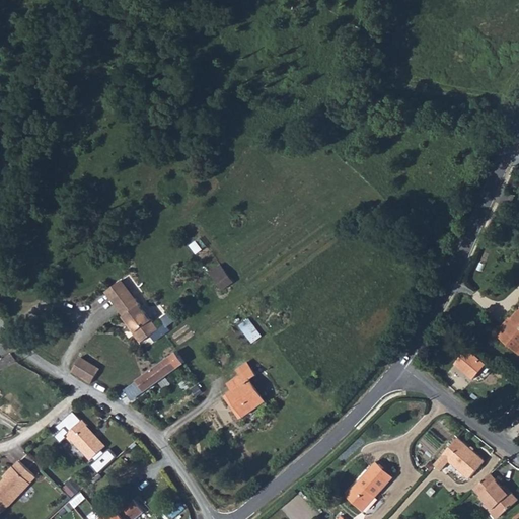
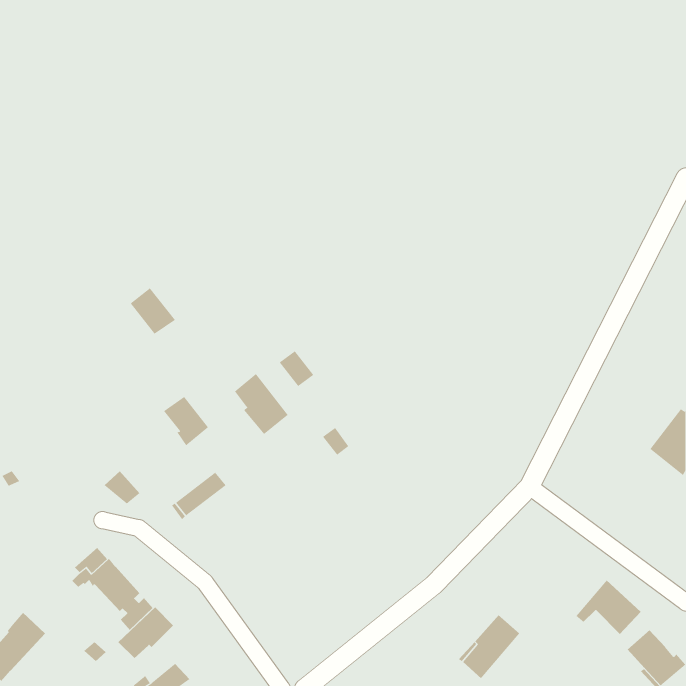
building: [104,276,139,311] -> [130,287,176,335]
building: none -> [234,373,289,435]
building: [452,355,484,385] -> none
building: [225,362,260,414] -> none
building: none -> [117,606,174,659]

